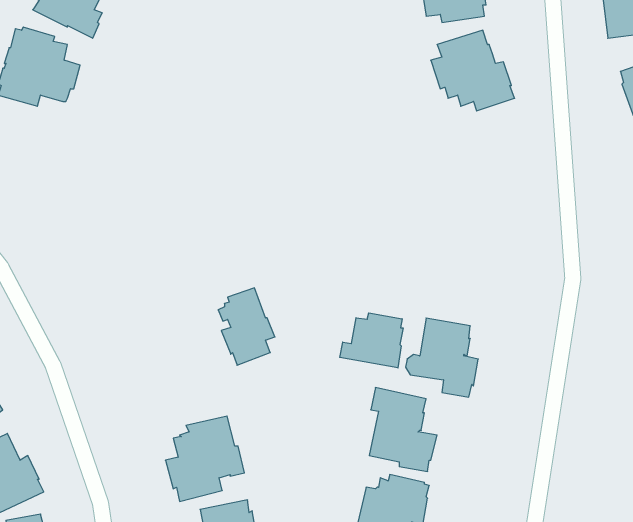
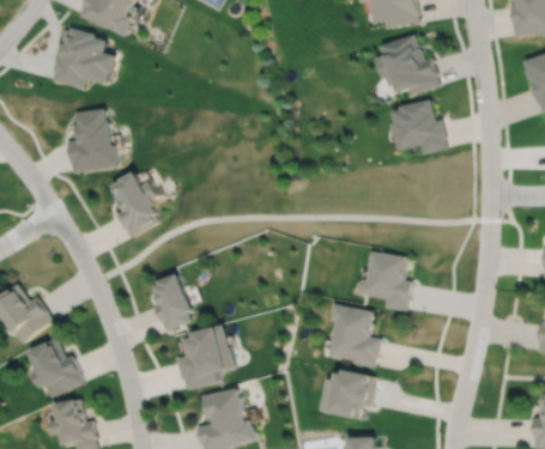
building: none -> [388,97,448,152]
building: none -> [66,107,117,171]
building: none -> [113,169,158,236]
building: [218,288,275,365] -> [151,272,194,330]
building: [340,313,403,368] -> none

